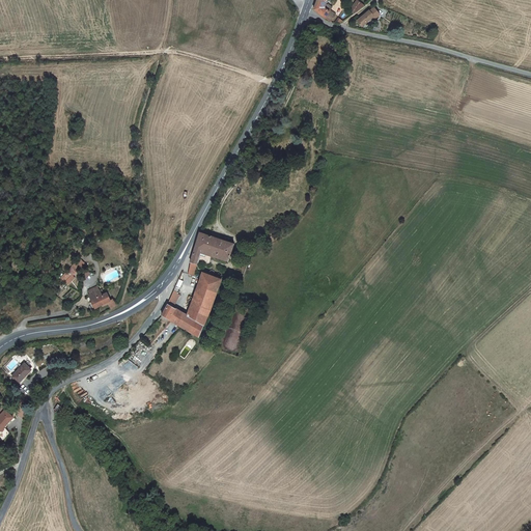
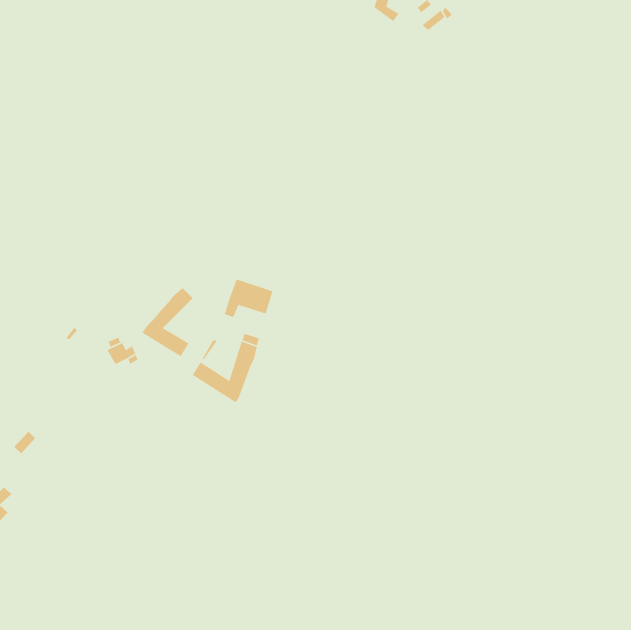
building: none -> [141,287,193,357]

